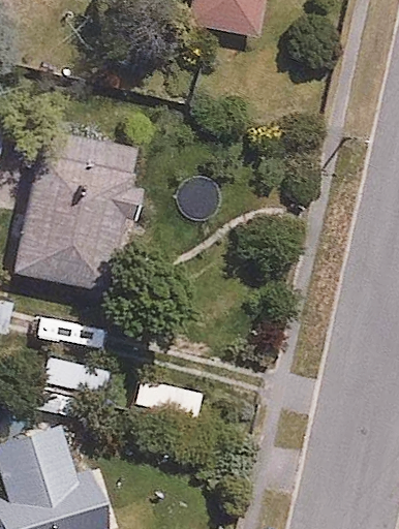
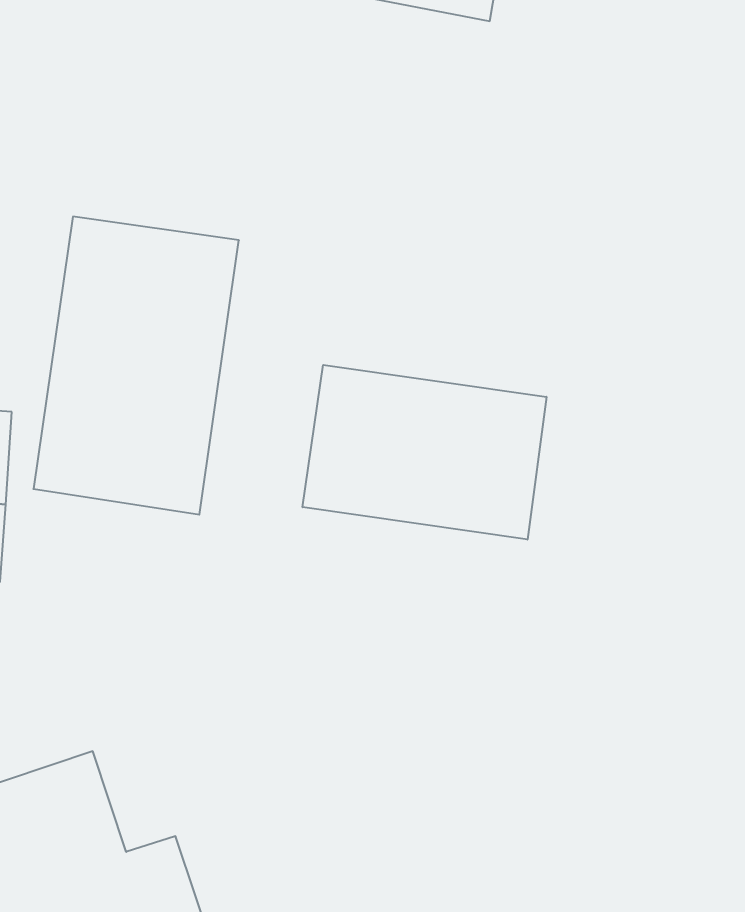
building: none -> [303,365,546,540]

